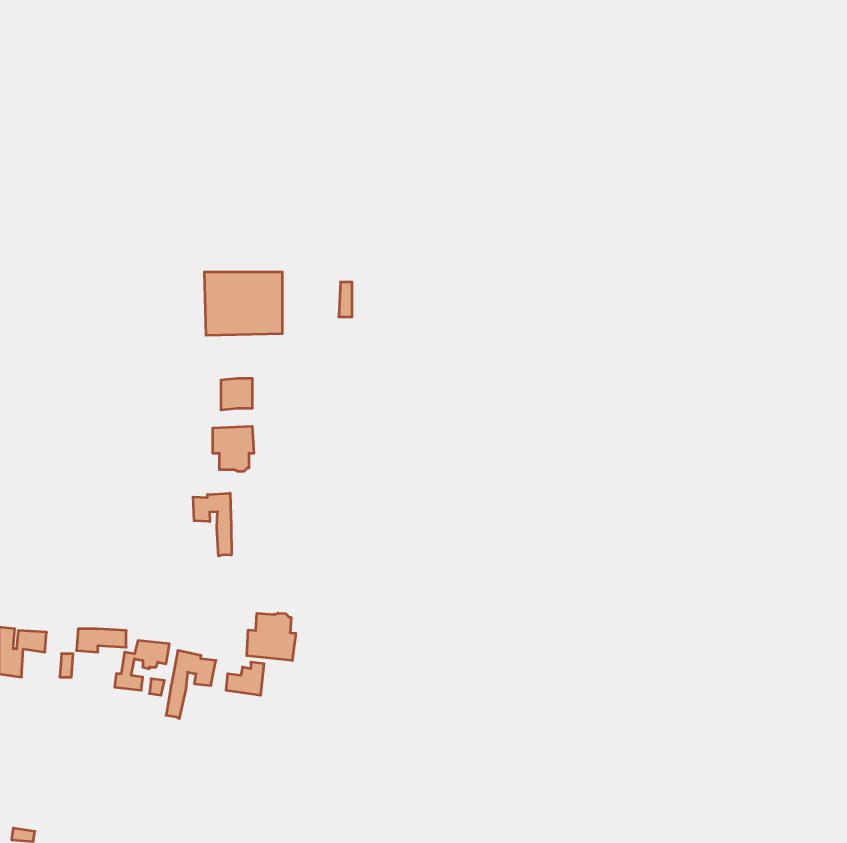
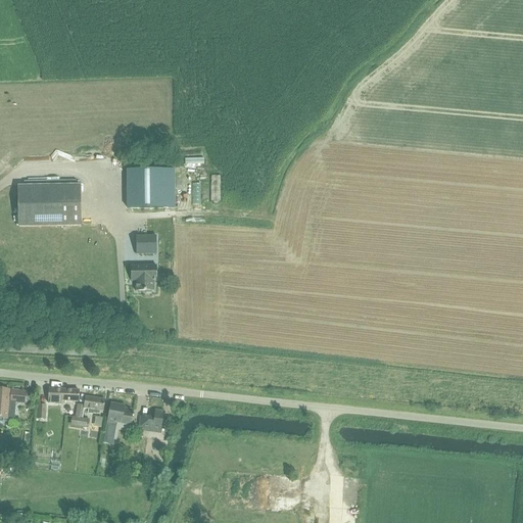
building: none -> [17,183,80,225]
building: [193,493,231,556] -> none
building: [247,613,296,661] -> none

